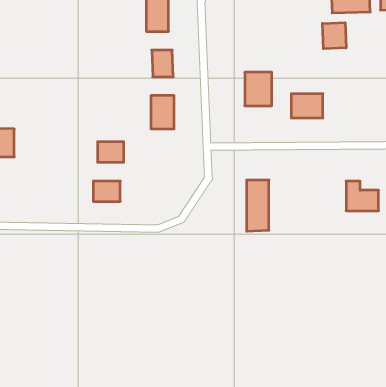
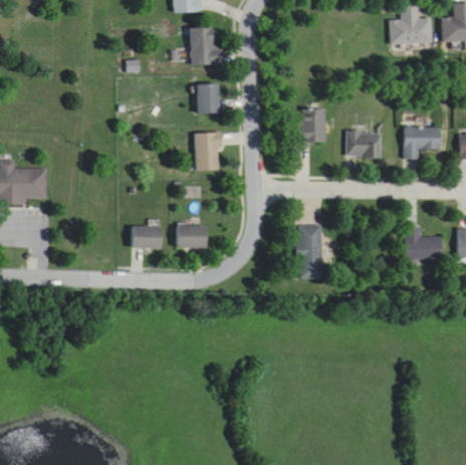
building: [322,23,346,49] -> none
building: none -> [404,126,440,159]
building: [98,142,124,162] -> [178,226,206,248]

